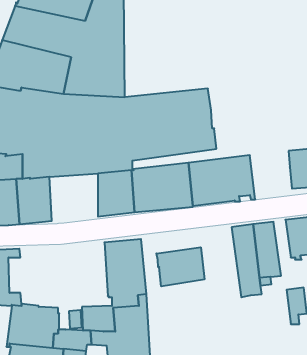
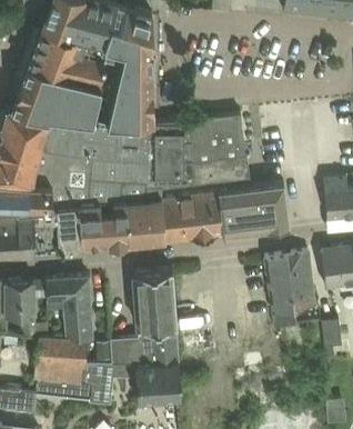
building: none -> [78,201,128,250]
building: none -> [47,277,93,346]
building: [156,247,204,286] -> none

